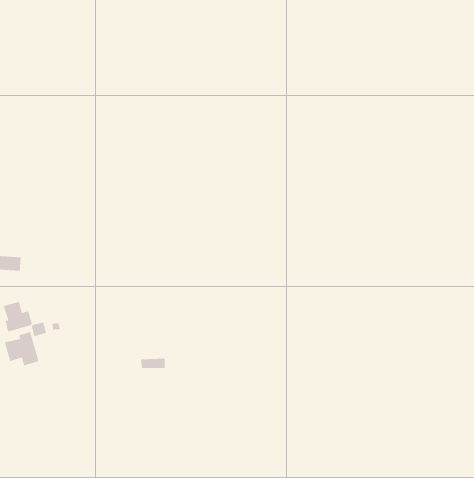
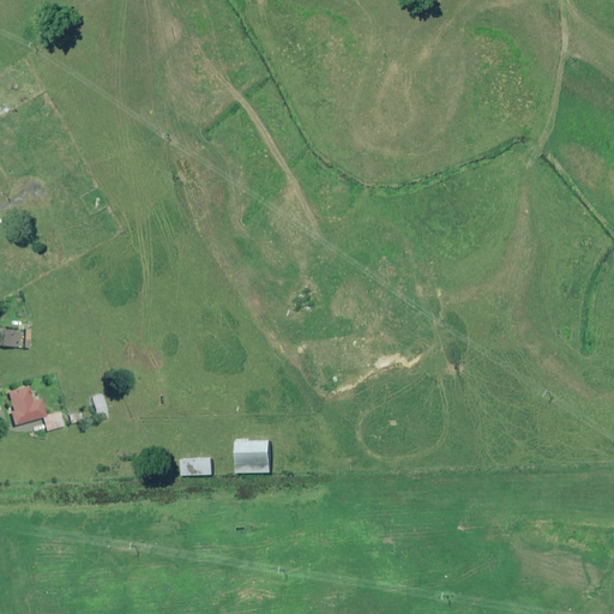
building: [4,331,39,366] -> none
building: none -> [235,440,270,468]

